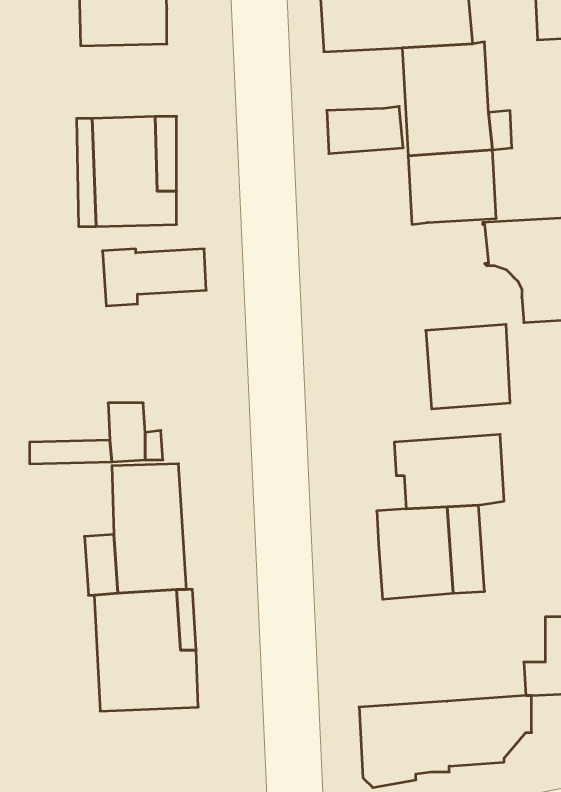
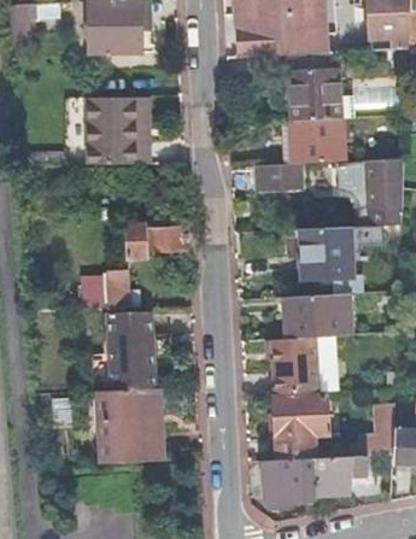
building: [327,106,403,154] -> [257,163,304,192]
building: [102,249,206,306] -> [124,225,188,260]
building: none -> [273,394,327,459]

